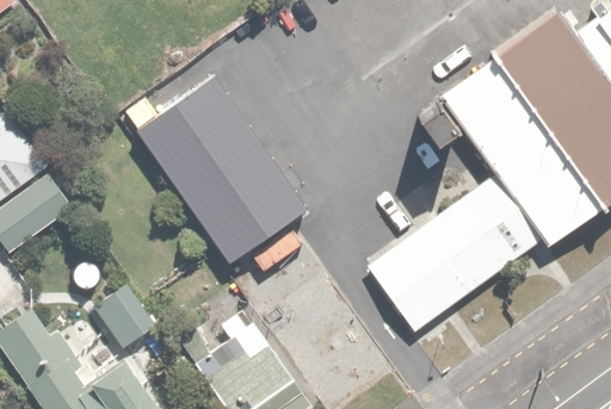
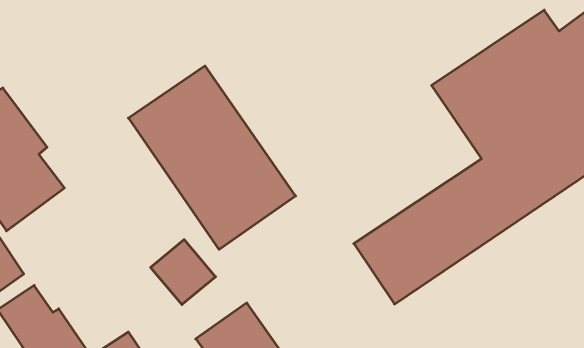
building: [90,279,156,346] -> [151,240,216,305]

